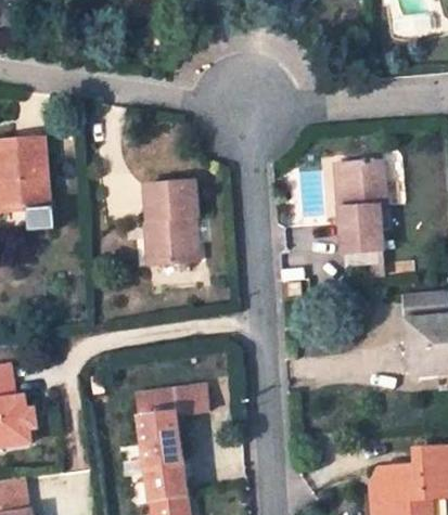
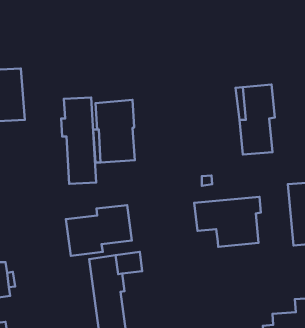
building: none -> [61,98,96,184]
building: none -> [194,197,261,247]
building: none -> [66,205,132,256]

